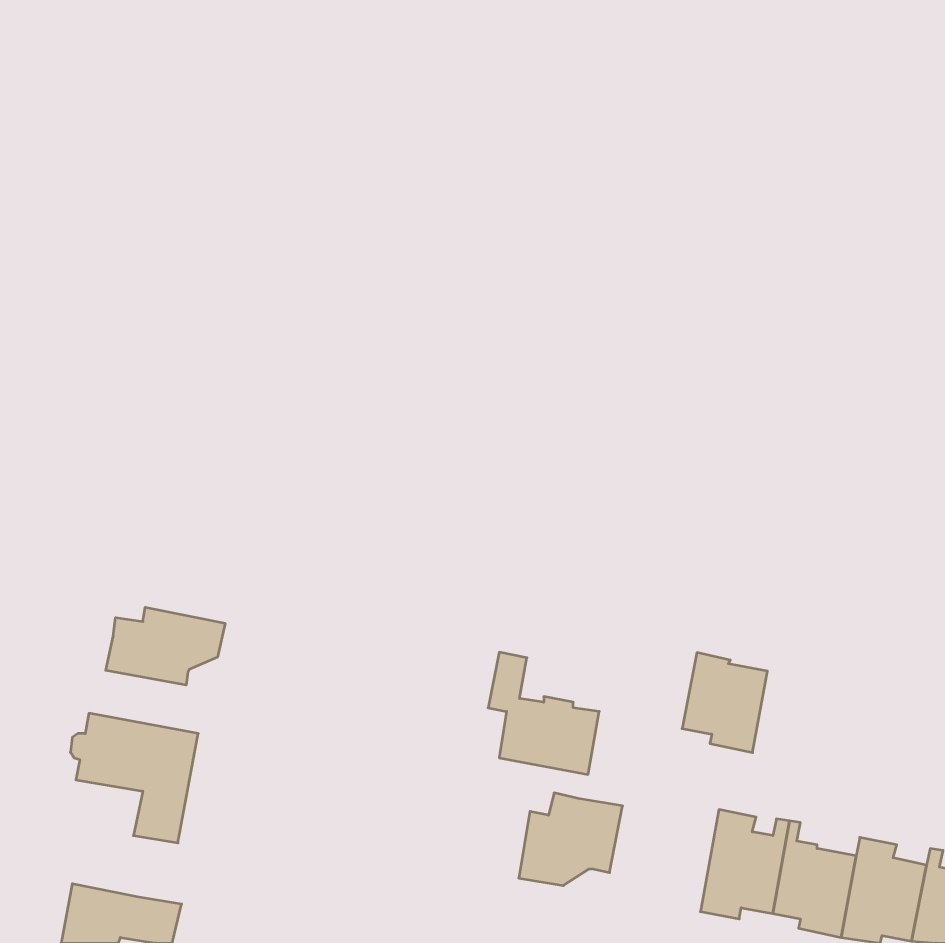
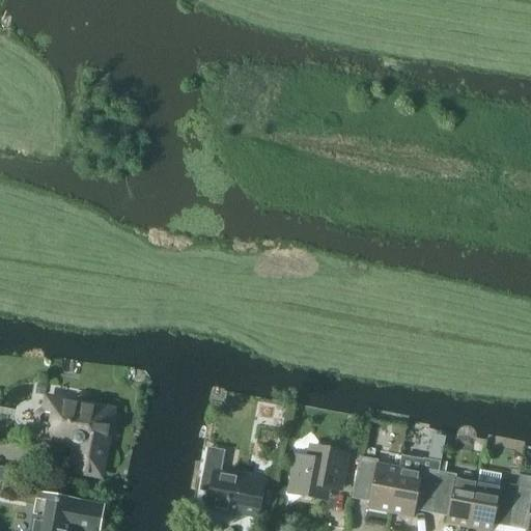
building: [106,607,225,685] -> none
building: [488,652,599,774] -> [203,447,266,515]
building: [682,653,767,753] -> [354,454,401,510]

